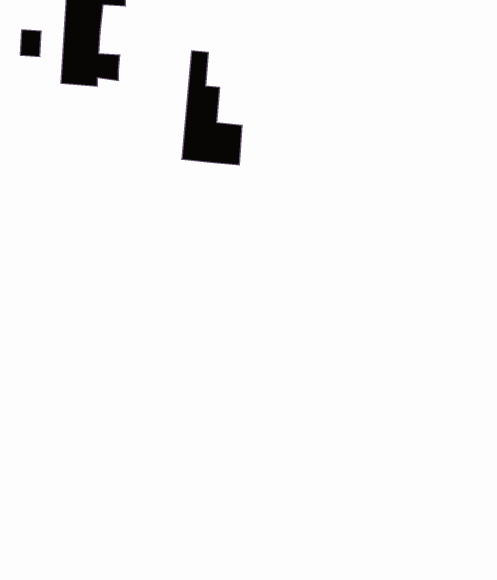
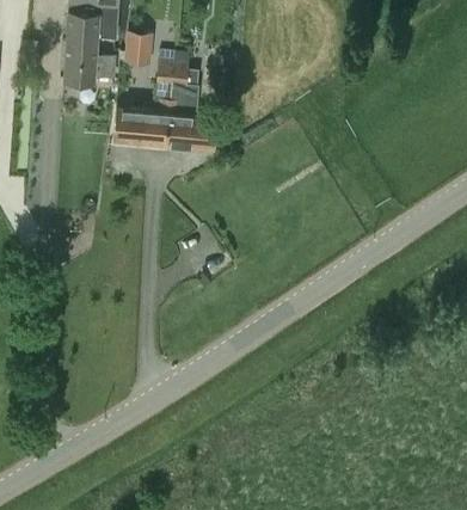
building: none -> [124,31,153,64]
building: none -> [128,51,176,146]

